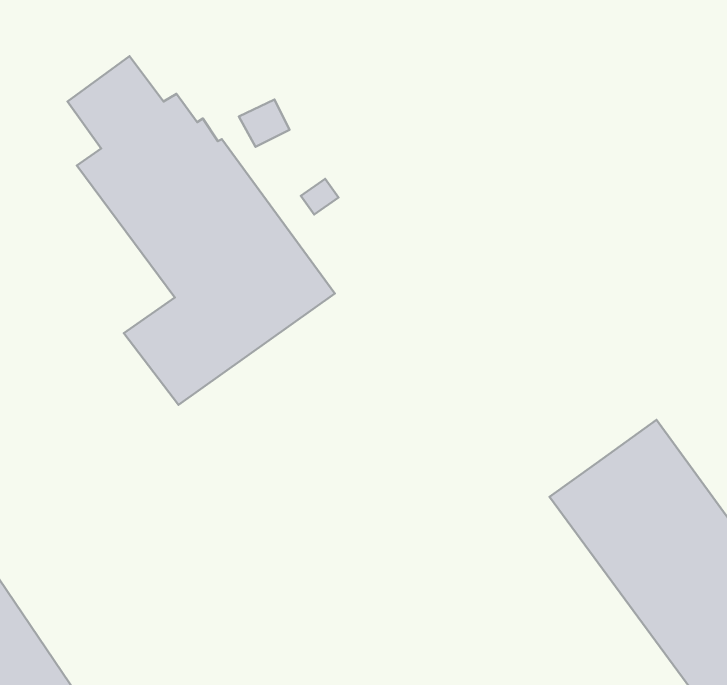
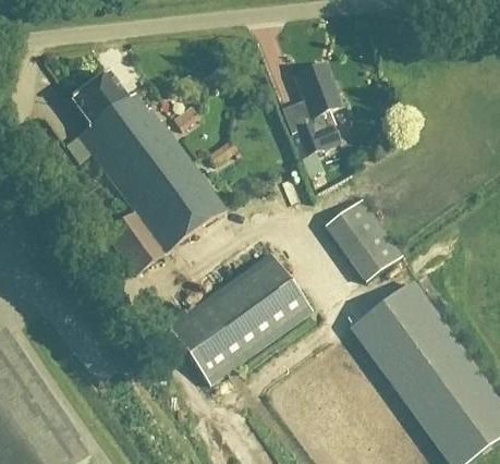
building: none -> [293,62,341,155]
building: none -> [326,191,395,266]
building: none -> [164,252,313,386]

